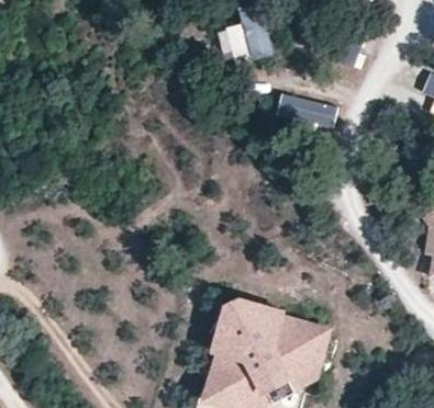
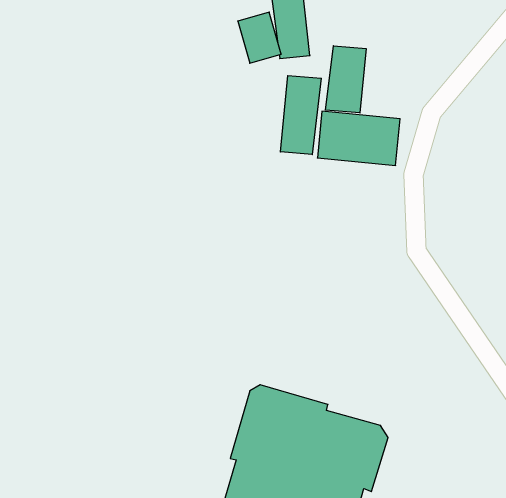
building: none -> [326,46,366,113]
building: none -> [280,76,321,155]

